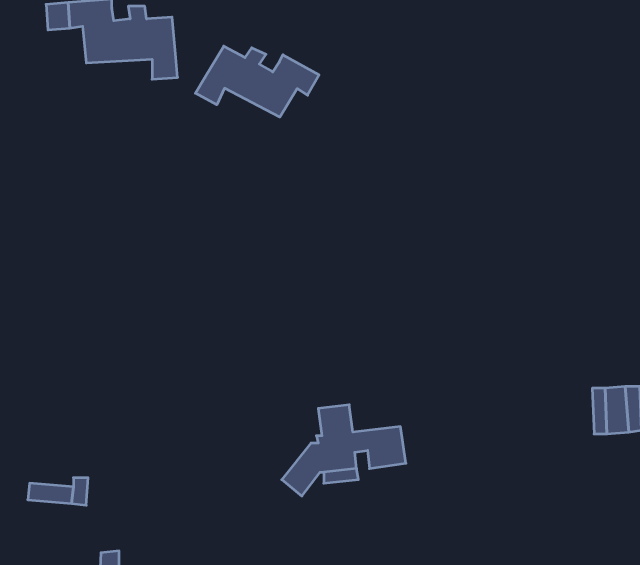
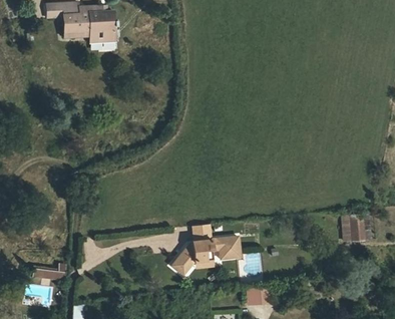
building: [195,46,319,117] -> none
building: none -> [248,289,272,306]

